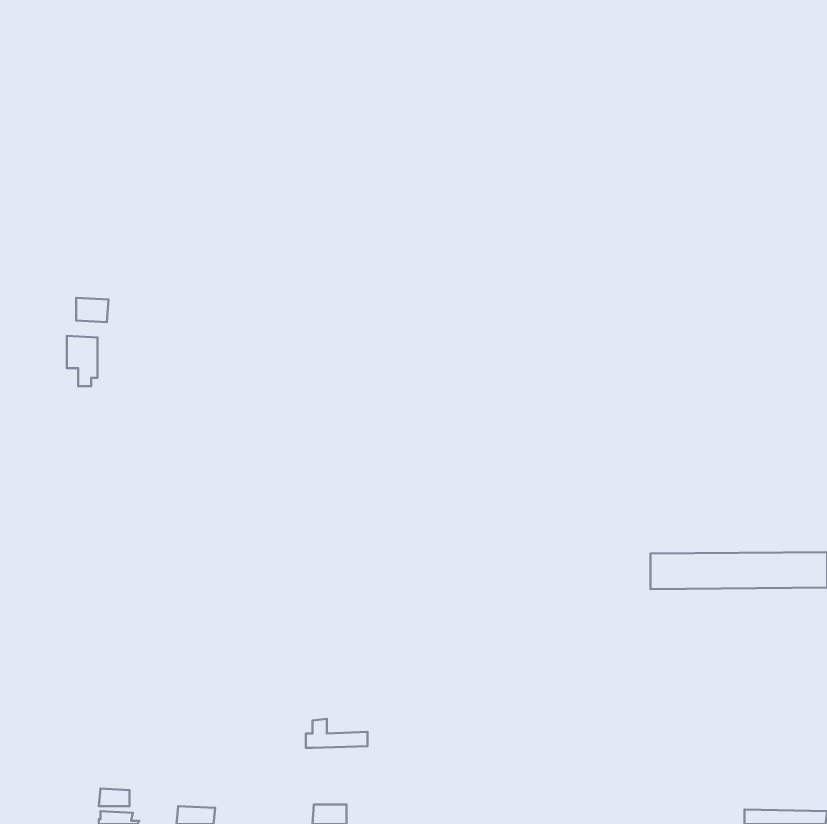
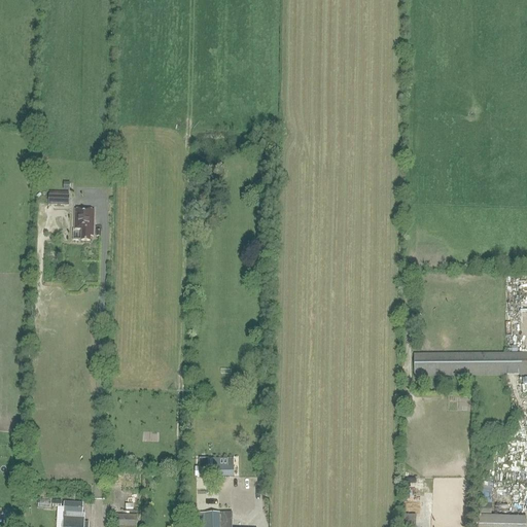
building: [67,336,98,386] -> [74,207,94,239]

